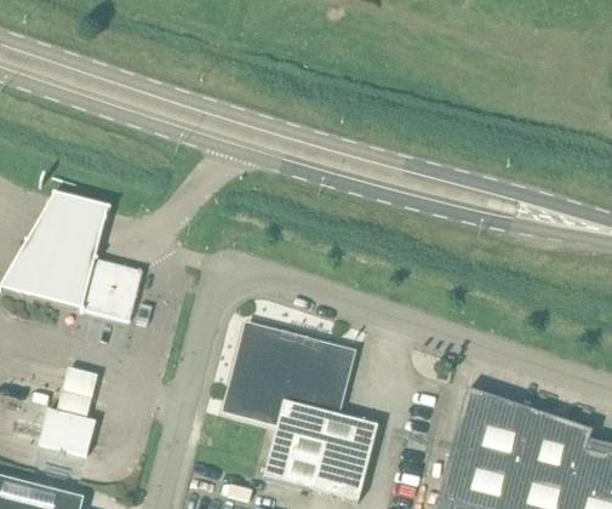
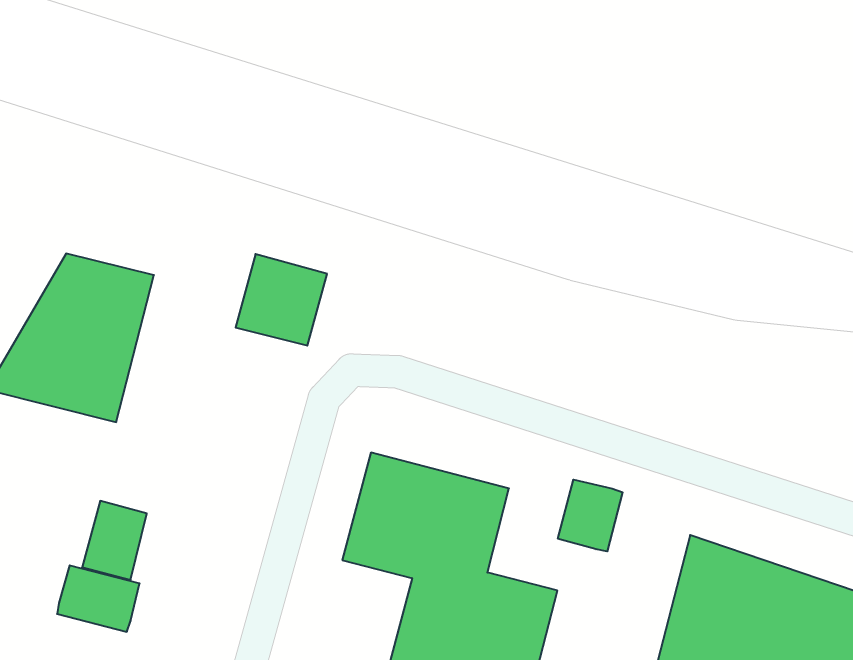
building: [81,257,143,319] -> [236,254,327,346]
building: none -> [558,480,623,551]

